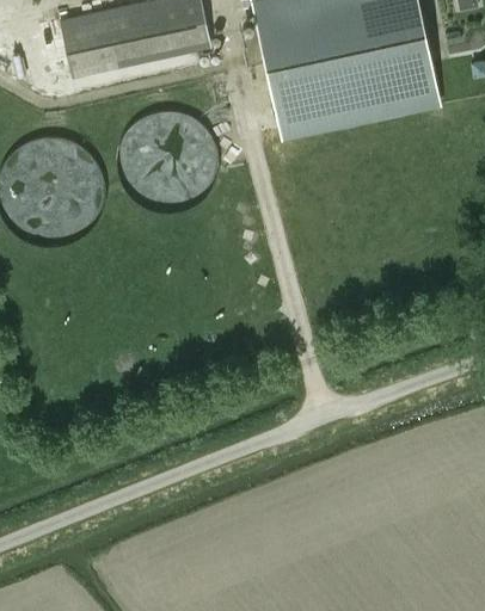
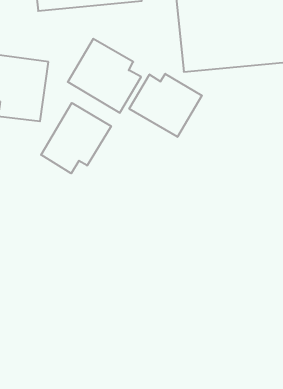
building: none -> [129,74,202,137]
building: none -> [41,103,111,173]

